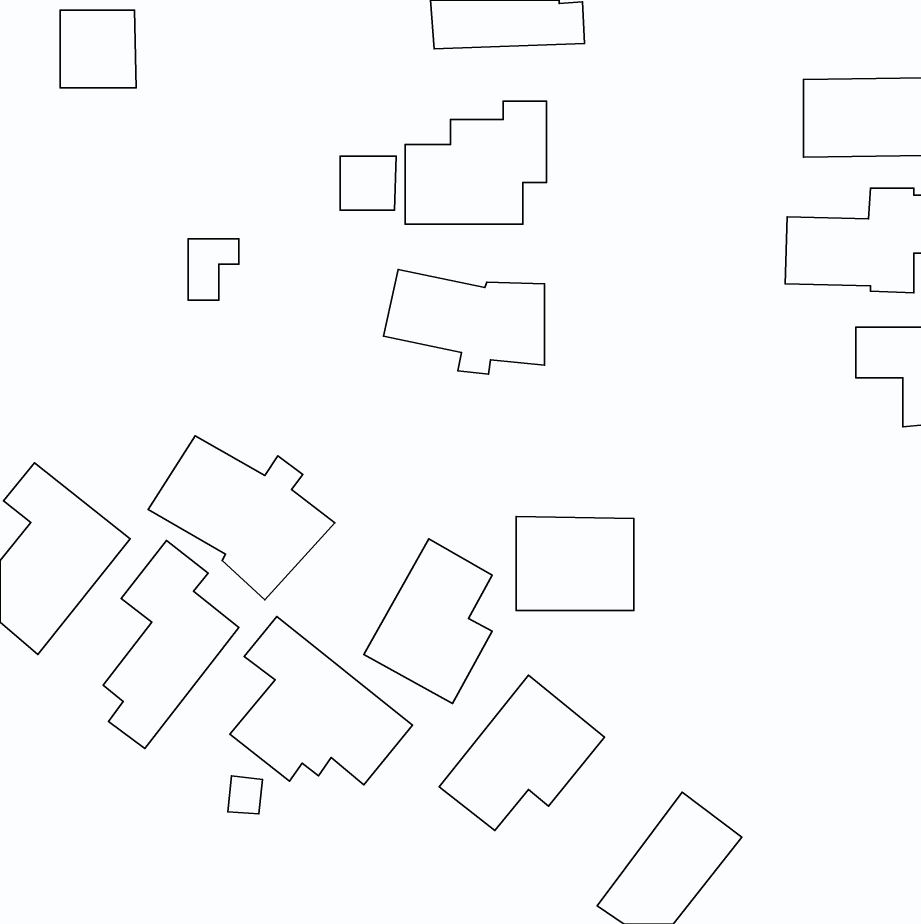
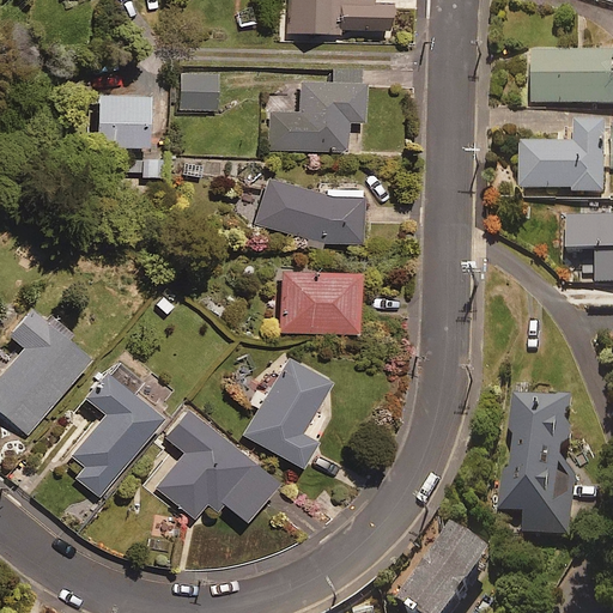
building: [60,10,136,88] -> [96,93,146,145]
building: [340,156,396,210] -> [181,73,218,109]
building: [148,436,335,600] -> none
building: [516,517,634,611] -> [280,269,358,332]
building: none -> [502,393,581,536]
building: [439,675,605,831] -> none

